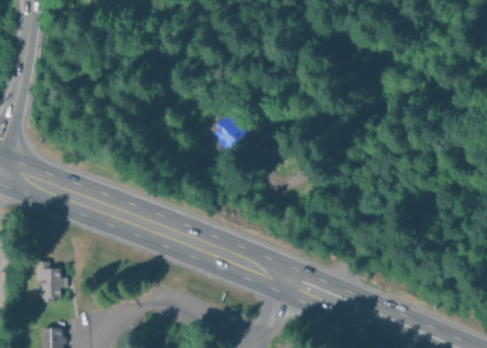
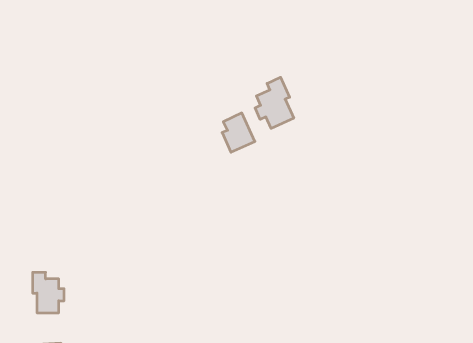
building: none -> [255,77,294,128]

